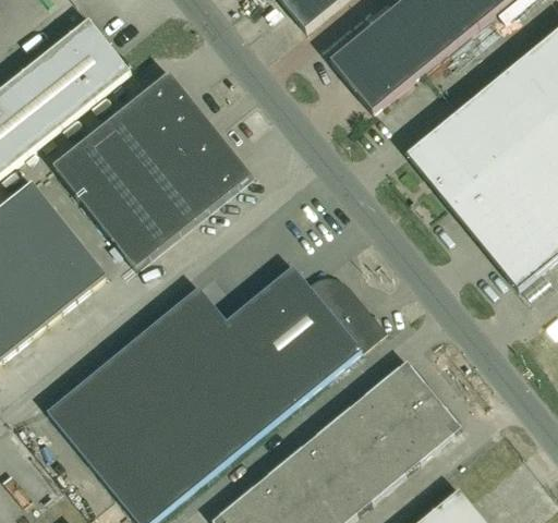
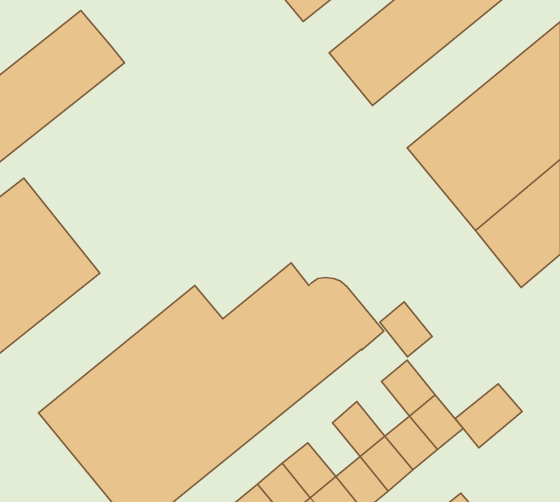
building: [53,72,252,268] -> none
building: [357,380,409,434] -> [380,302,432,357]
building: none -> [455,384,522,448]
building: [310,421,361,473] -> none

